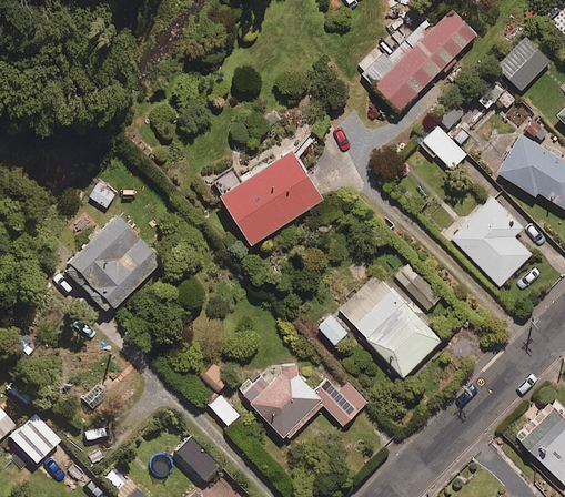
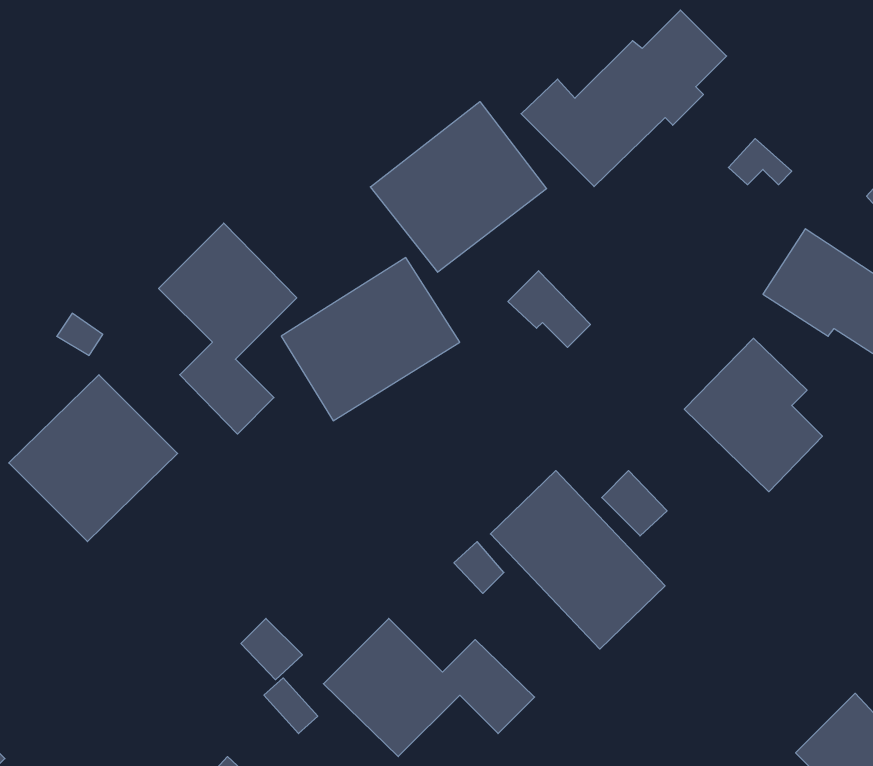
building: [498,39,549,90] -> none
building: none -> [370,102,547,272]
building: [417,125,465,170] -> [508,271,590,347]
building: none -> [159,223,297,434]

